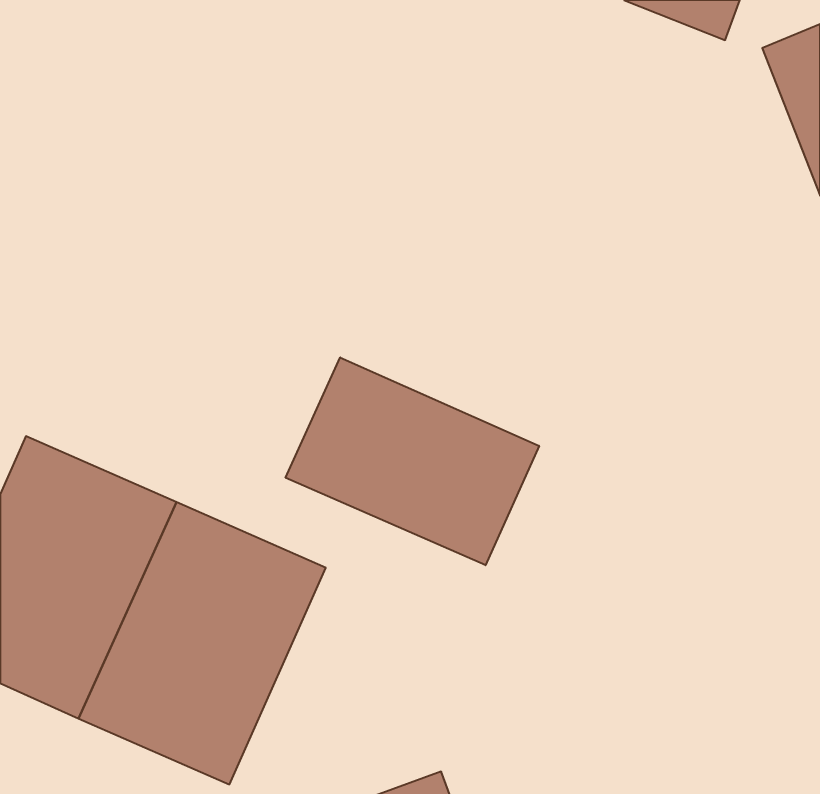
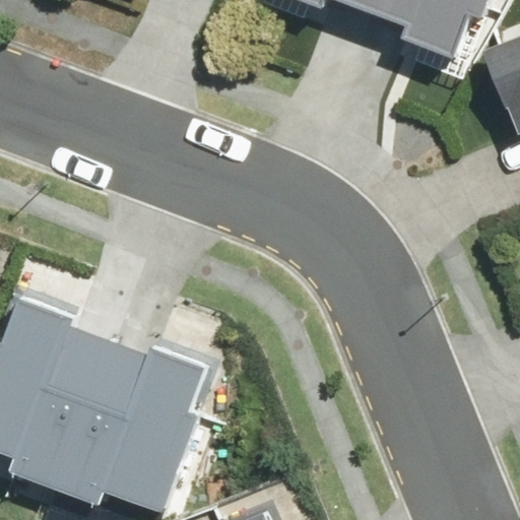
building: [286,357,539,565] -> none

